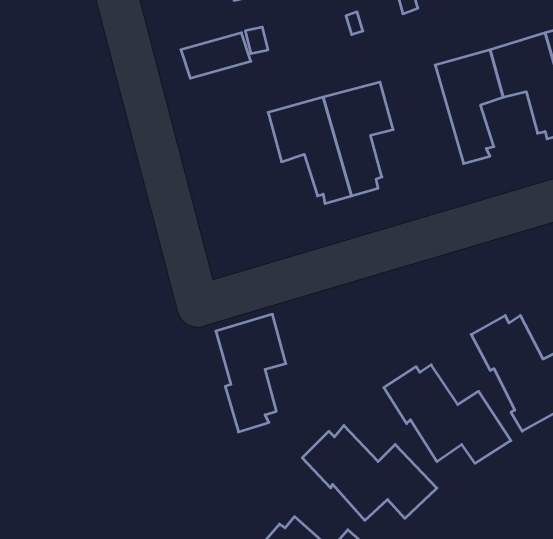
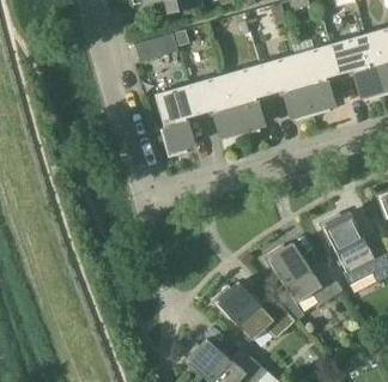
building: none -> [261,53,314,120]
building: [216,314,286,432] -> [154,83,199,157]

